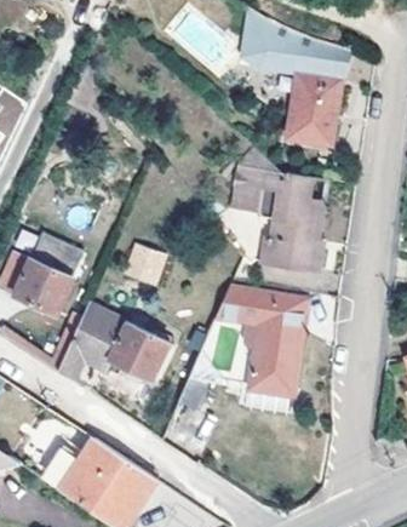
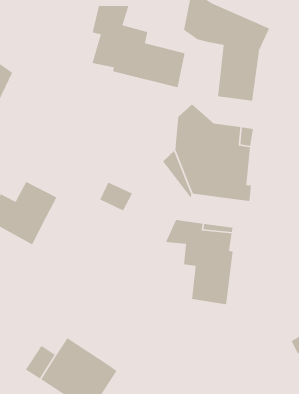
building: none -> [92,5,186,88]
building: [57,307,170,383] -> none

